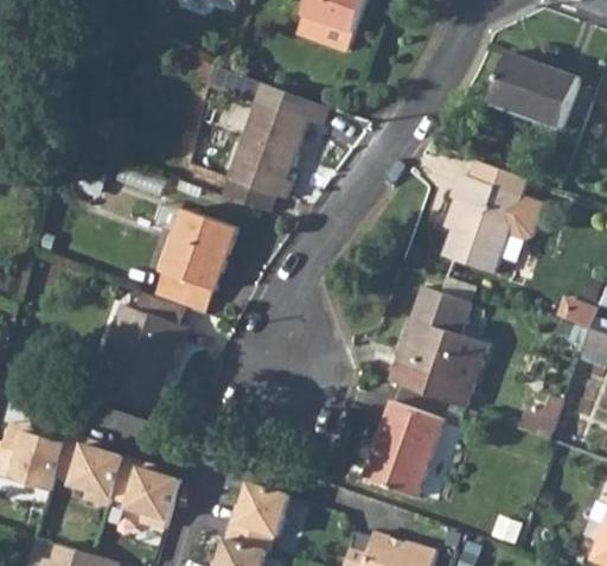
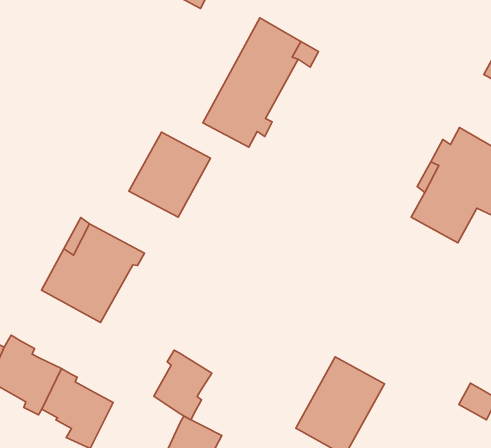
building: [153,273,213,314] -> none
building: [386,287,483,409] -> none
building: none -> [154,350,212,420]

